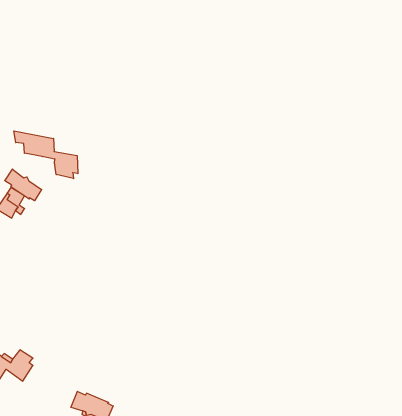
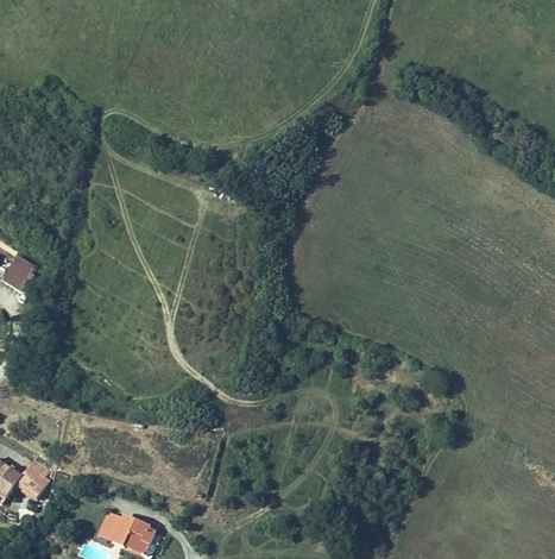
building: [14,131,78,179] -> none
building: [5,169,42,201] -> none

